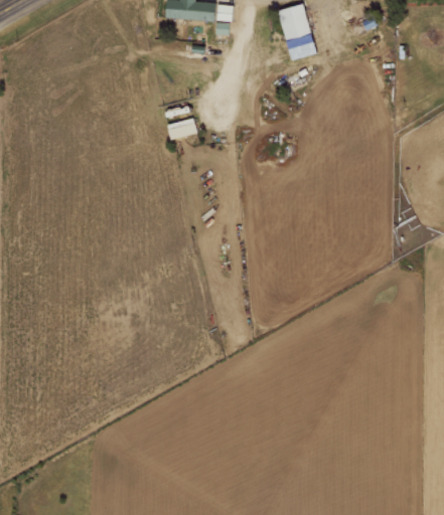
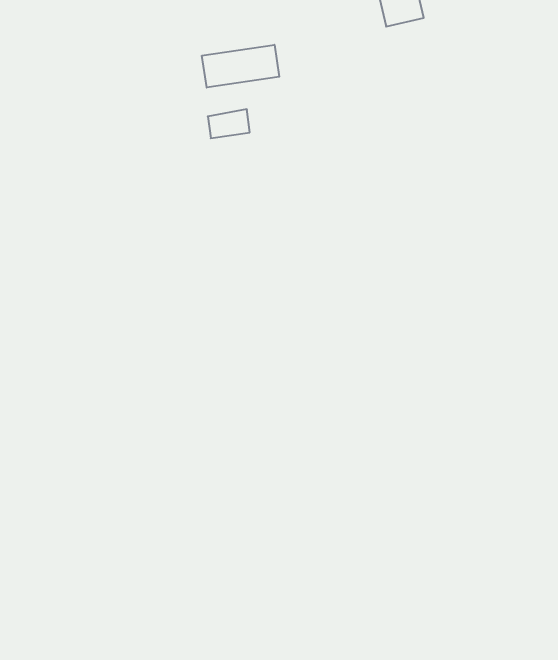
building: none -> [202,45,279,88]

